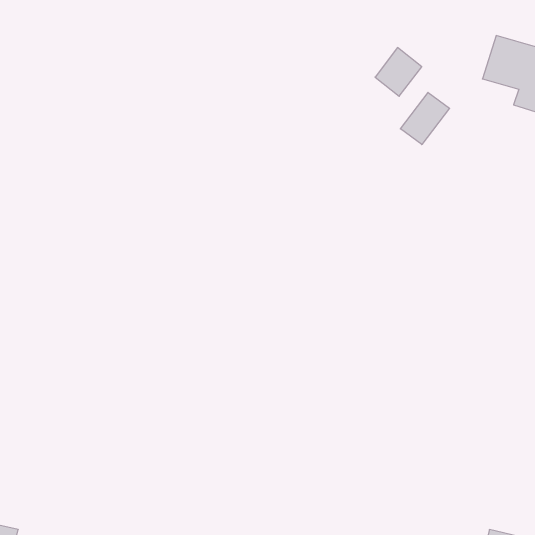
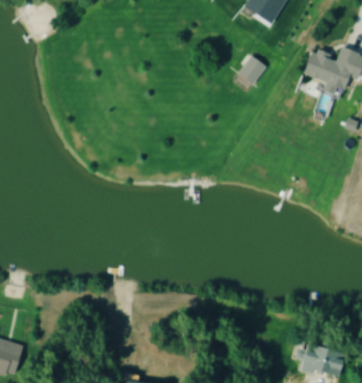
building: [400,92,450,145] -> none

